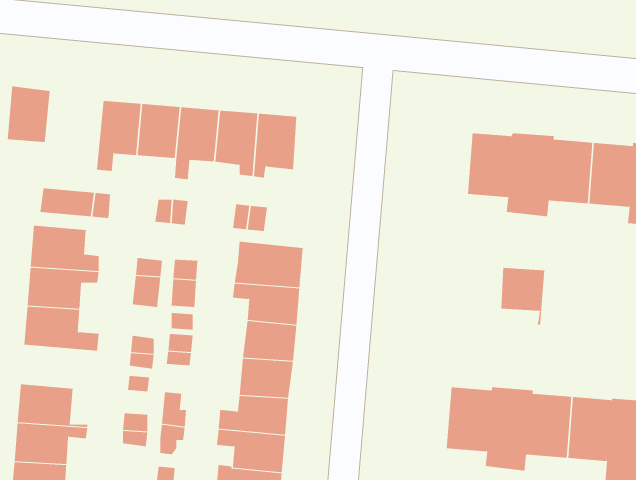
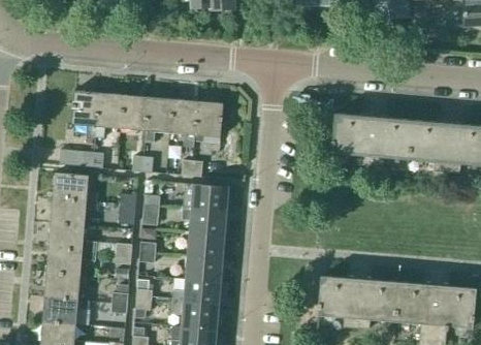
building: [7,86,50,143] -> [71,90,99,126]
building: [501,267,545,326] -> none
building: none -> [46,249,96,277]

